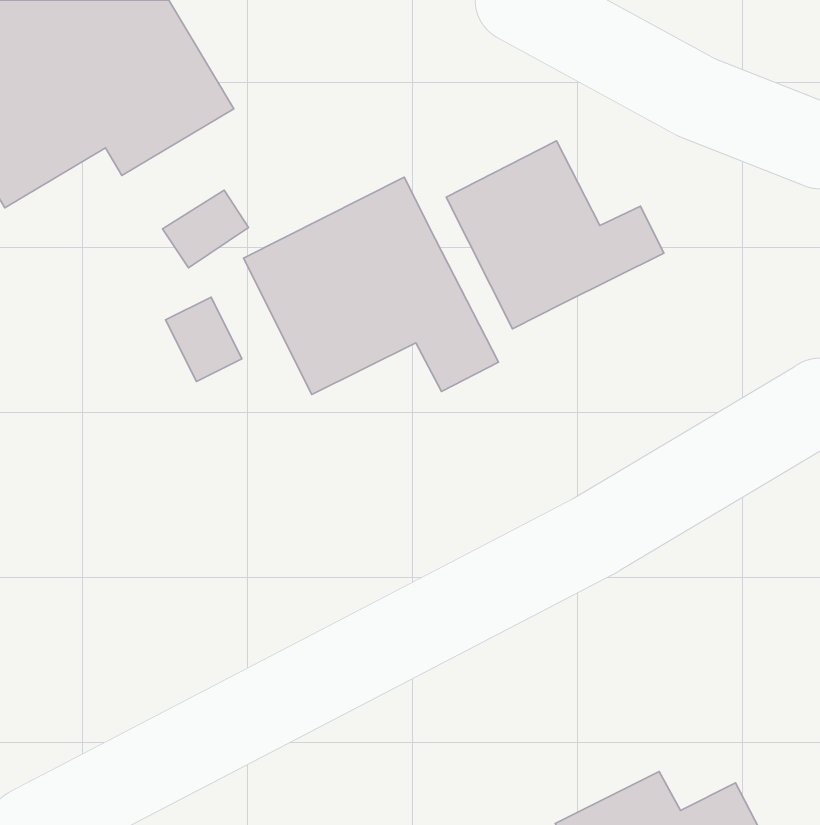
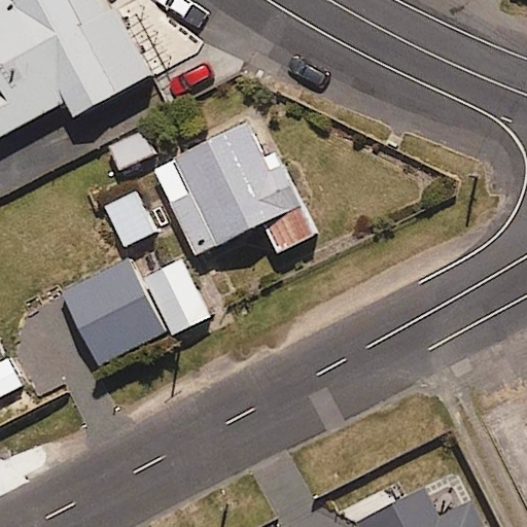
building: [446,141,664,329] -> none
building: none -> [62,259,205,363]

